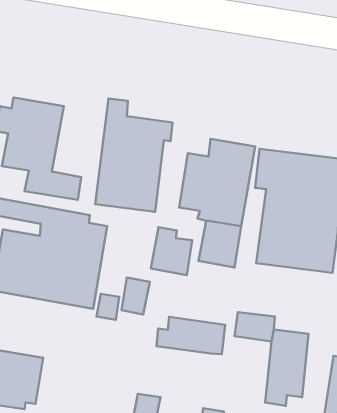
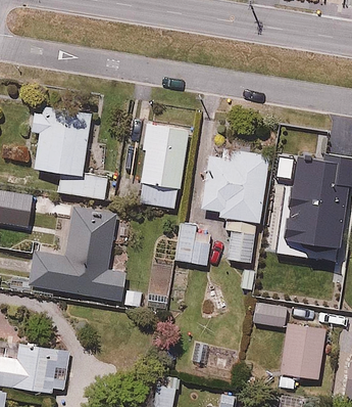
building: [157,317,225,354] -> none

